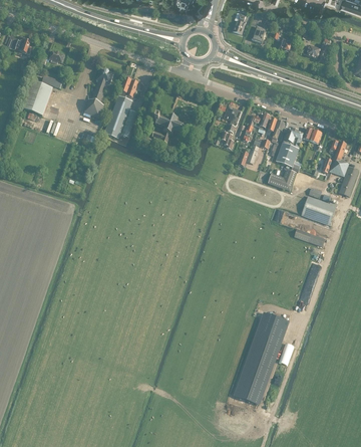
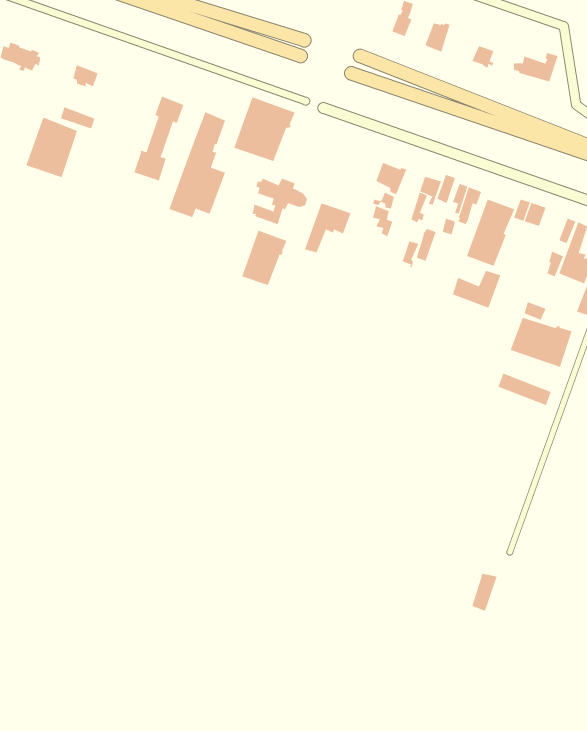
building: none -> [233,96,295,162]
building: none -> [304,203,351,253]
building: none -> [241,230,287,286]
building: [235,311,287,404] -> none

